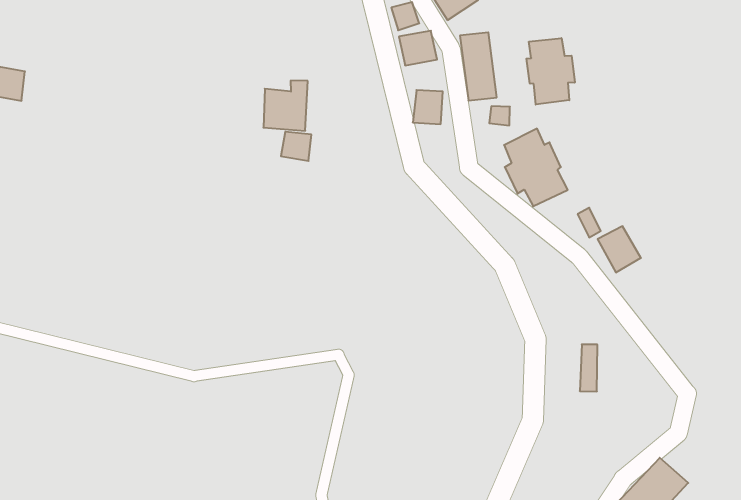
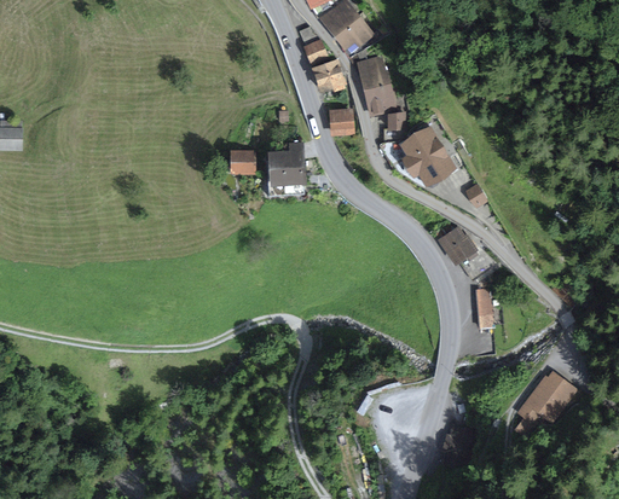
building: [526,38,575,105] -> none
building: [263,81,308,131] -> [270,143,305,182]
building: [598,226,641,272] -> [439,228,474,265]

